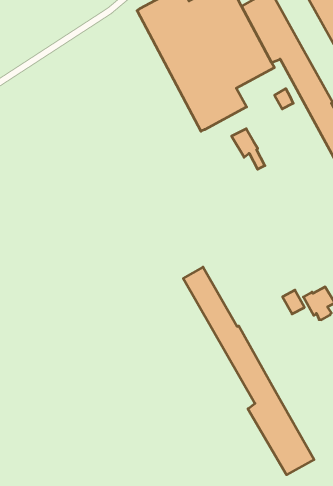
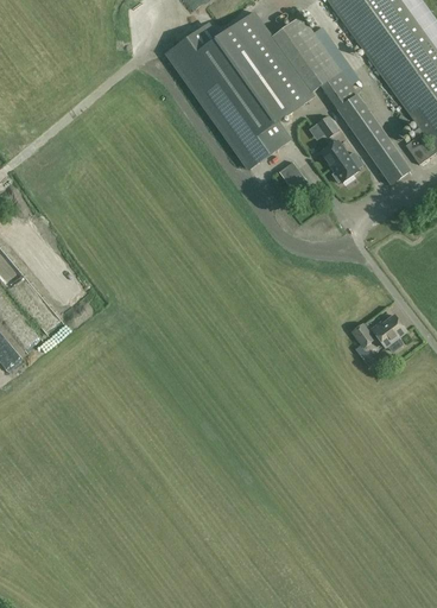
building: none -> [321,139,363,180]
building: [183,267,314,475] -> none

